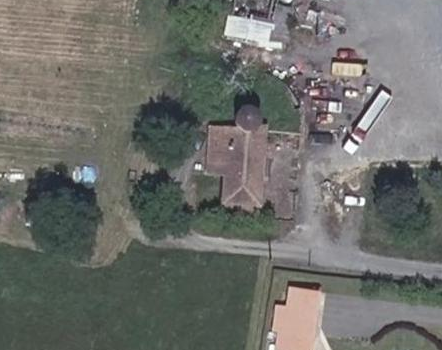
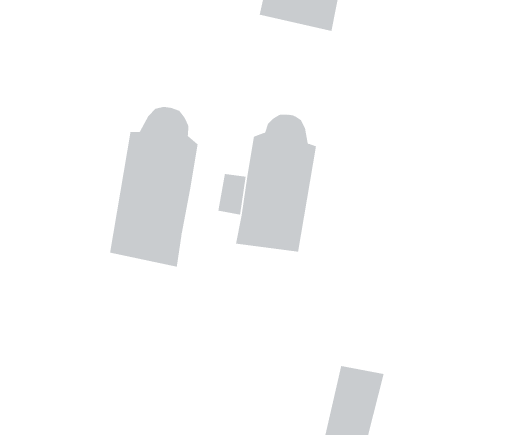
building: none -> [109,106,198,268]

